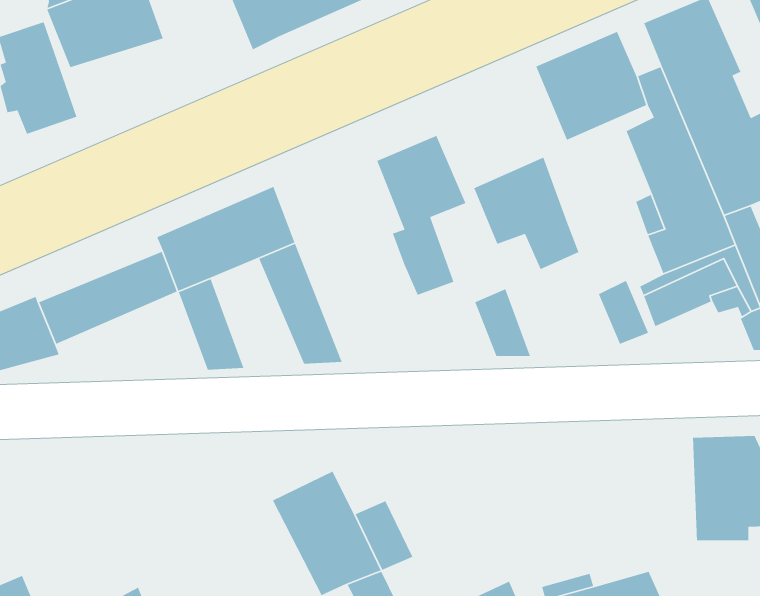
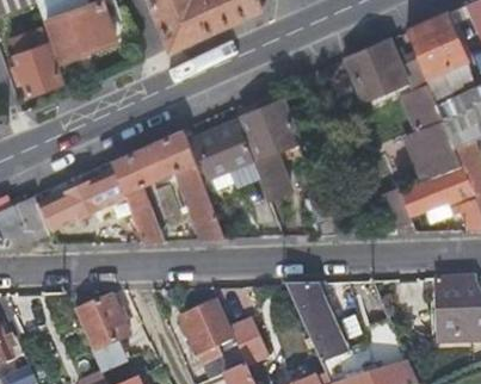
building: [473,156,579,270] -> [196,119,260,188]
building: none -> [282,286,346,361]
building: none -> [79,295,130,373]

